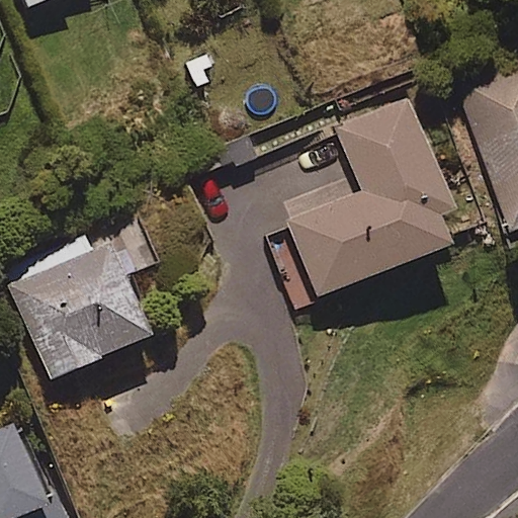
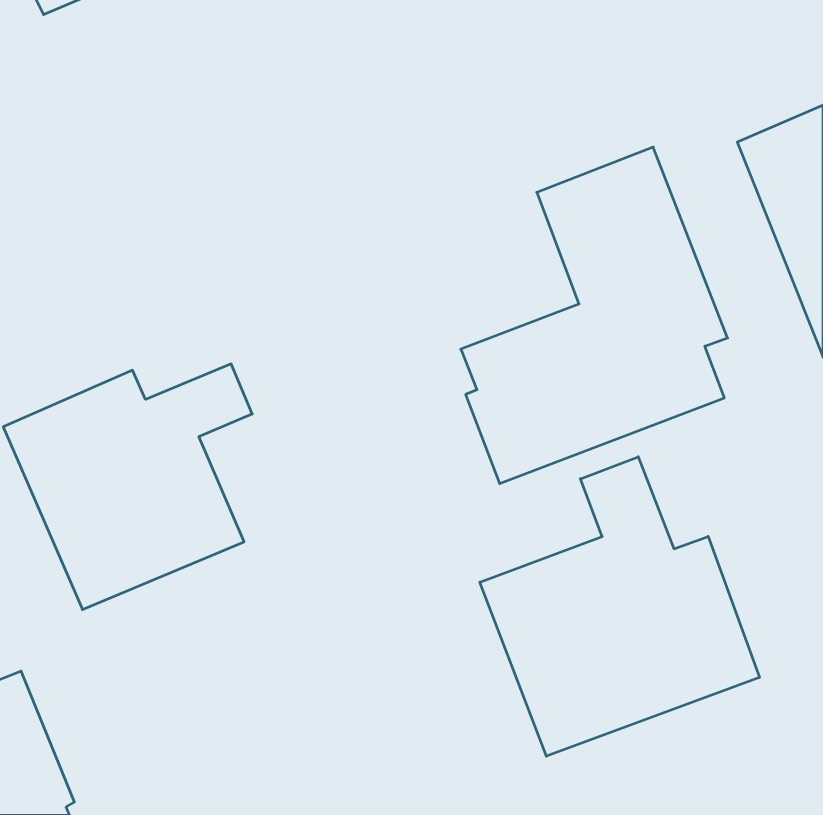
building: none -> [480,457,759,756]

